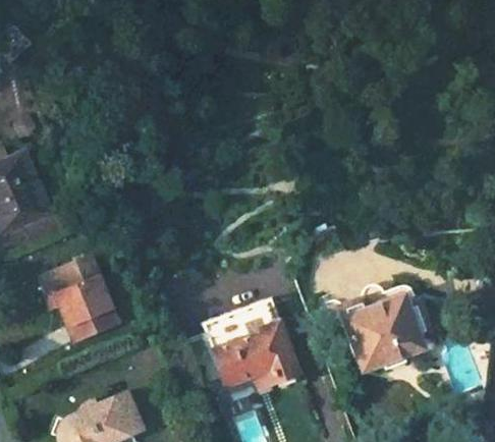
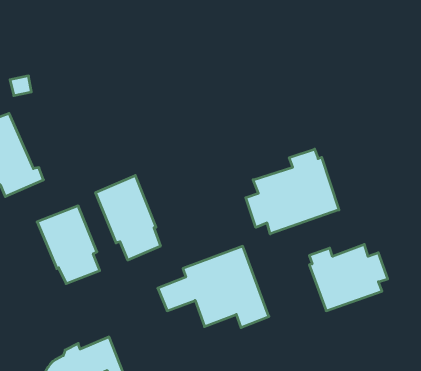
building: none -> [246,149,339,234]
building: none -> [96,175,160,260]

